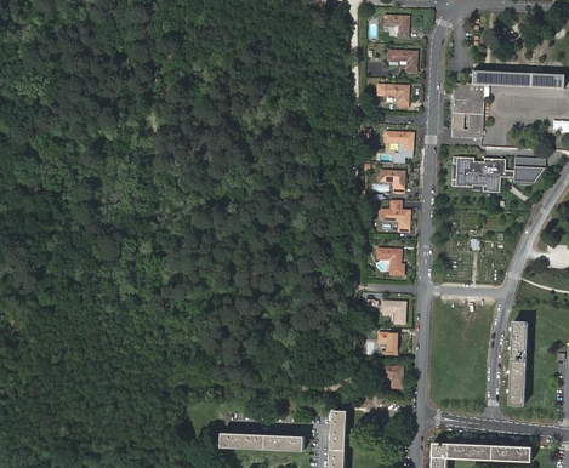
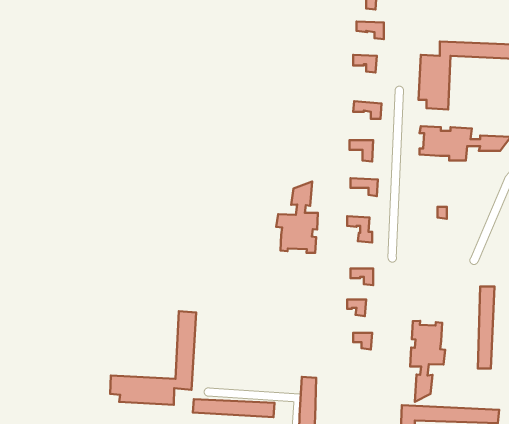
building: none -> [276,182,318,253]
building: none -> [110,311,196,405]
building: none -> [410,321,445,402]

